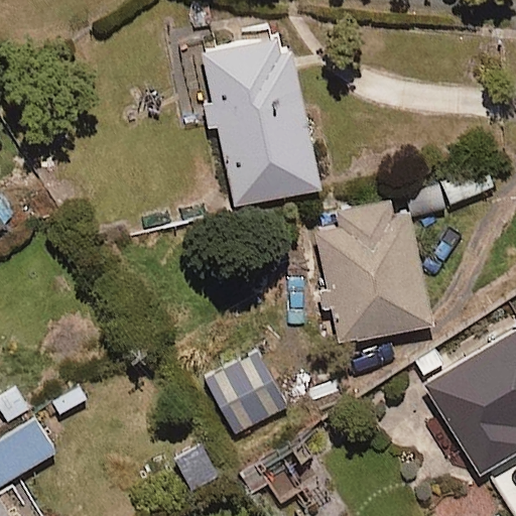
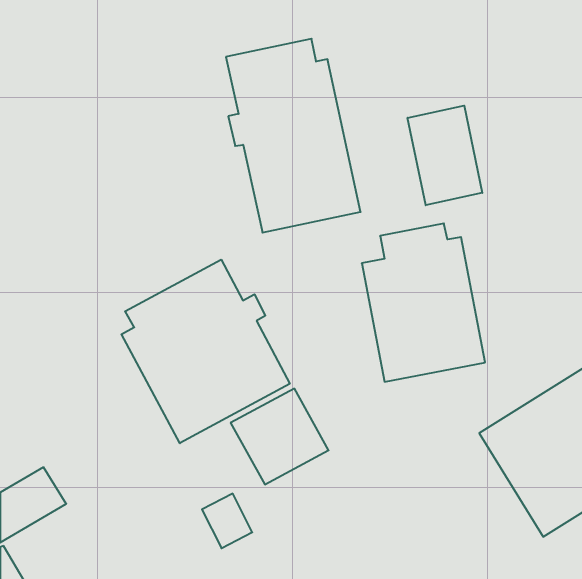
building: none -> [408,106,482,205]
building: none -> [121,260,290,443]

